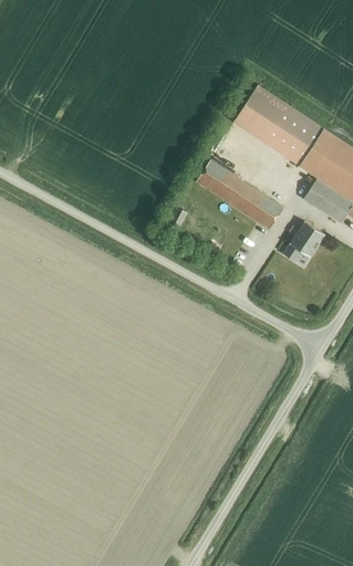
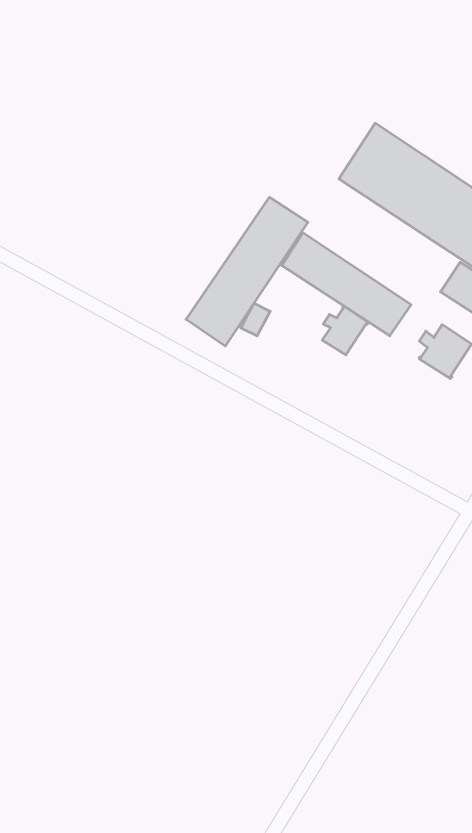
building: none -> [186,197,308,346]
building: none -> [322,306,368,355]

